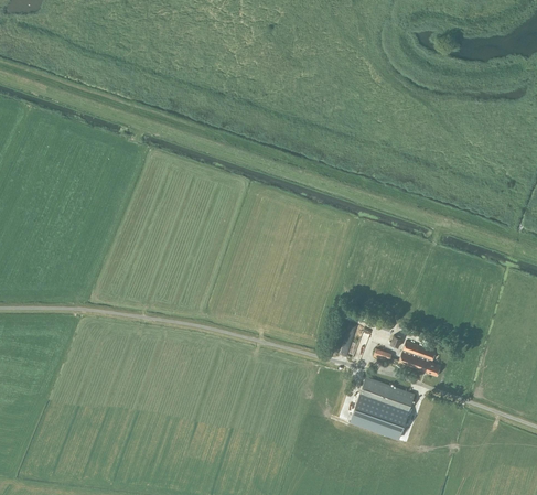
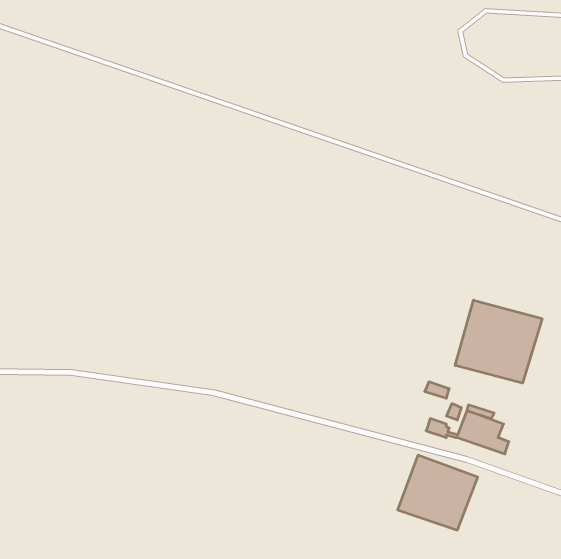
building: none -> [455,300,542,383]

